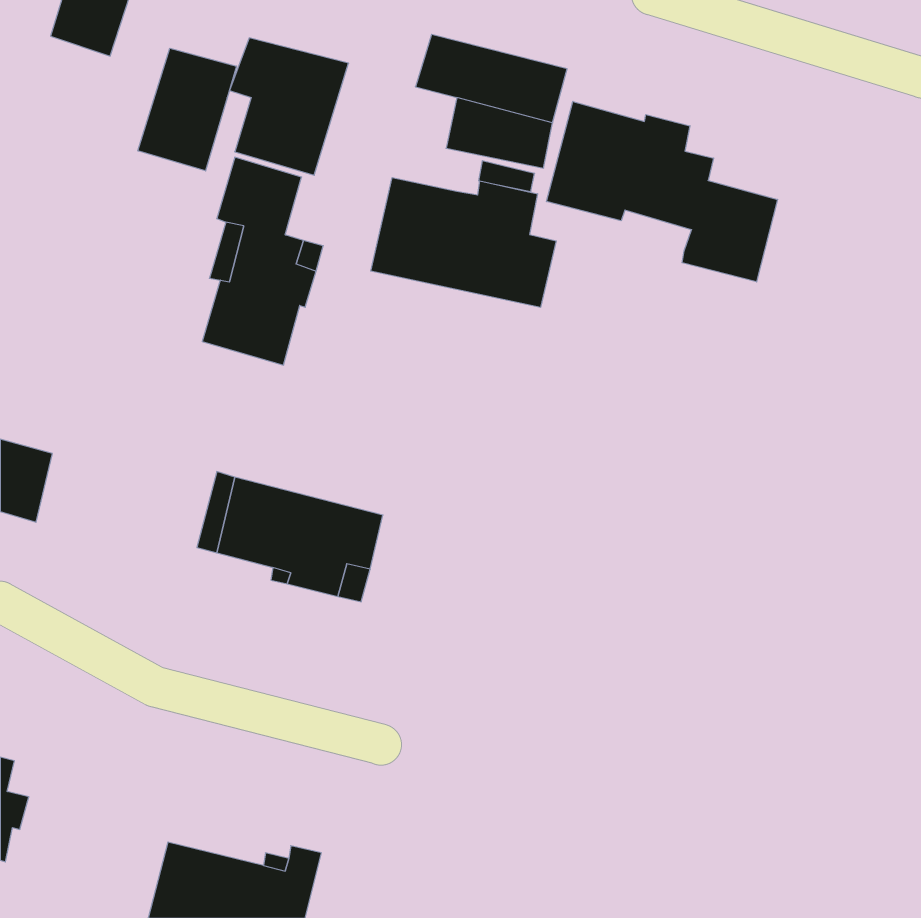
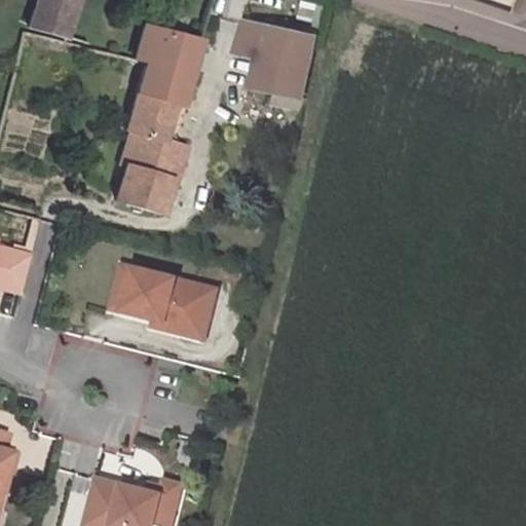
building: [138,48,237,171] -> none
building: [547,101,778,282] -> none
building: [371,178,556,307] -> none

